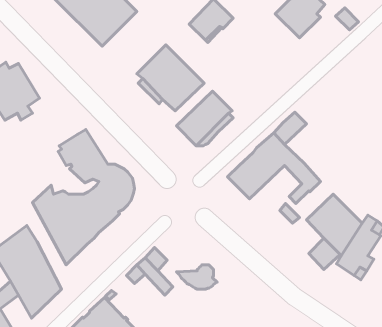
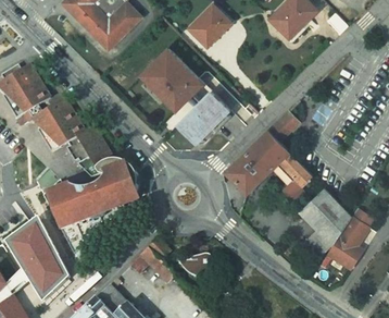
building: none -> [30,99,85,152]

